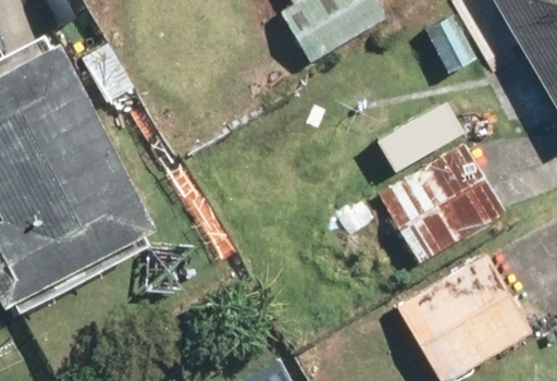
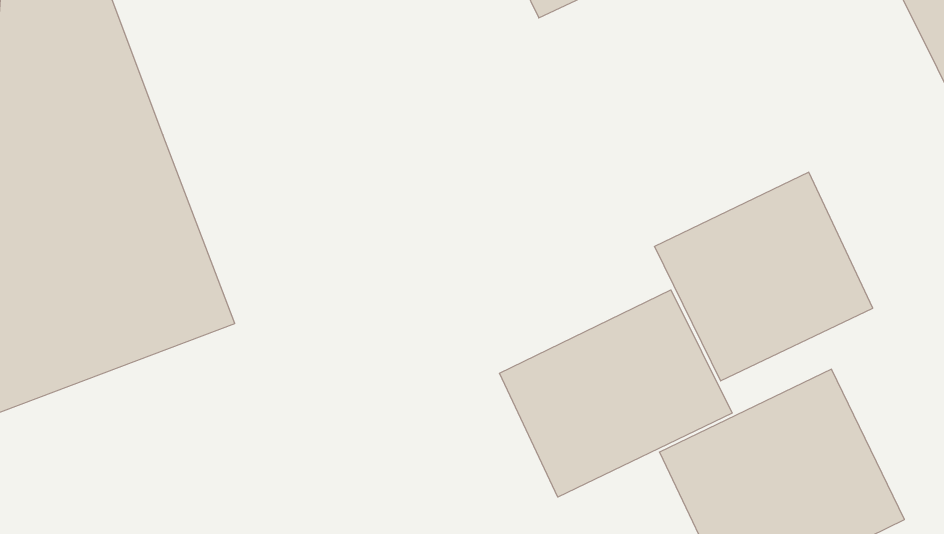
building: none -> [500,290,732,497]

